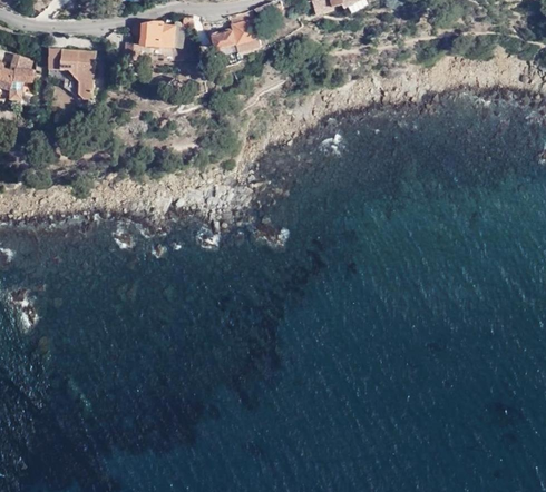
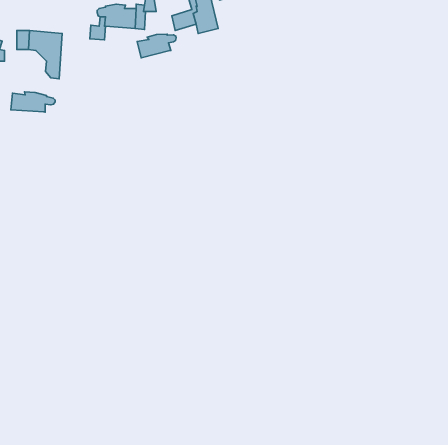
building: none -> [137,34,176,58]
building: none -> [11,92,55,112]

